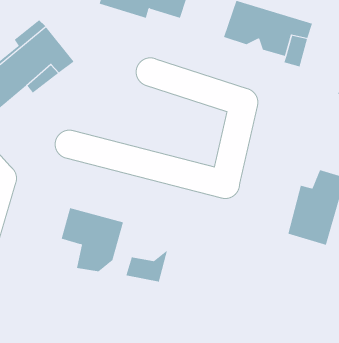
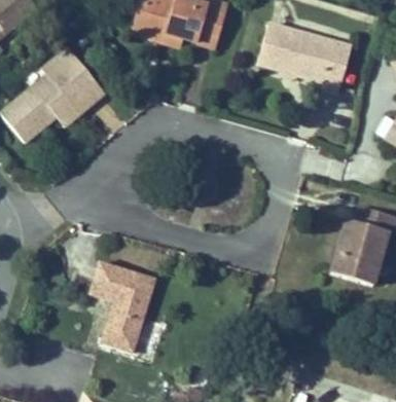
building: [125,249,168,282] -> [100,302,145,337]

